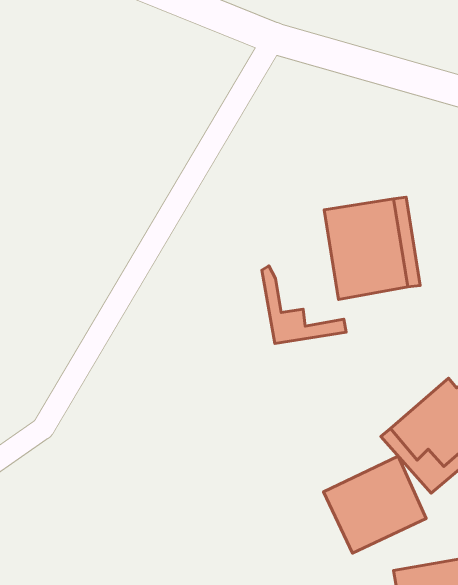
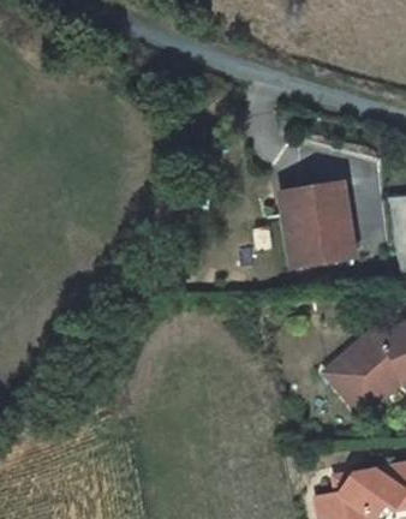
building: [262,266,346,344] -> none
building: [323,456,426,553] -> none

